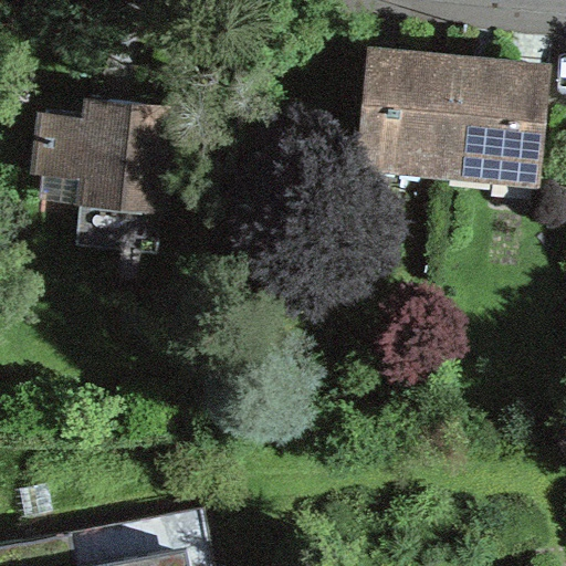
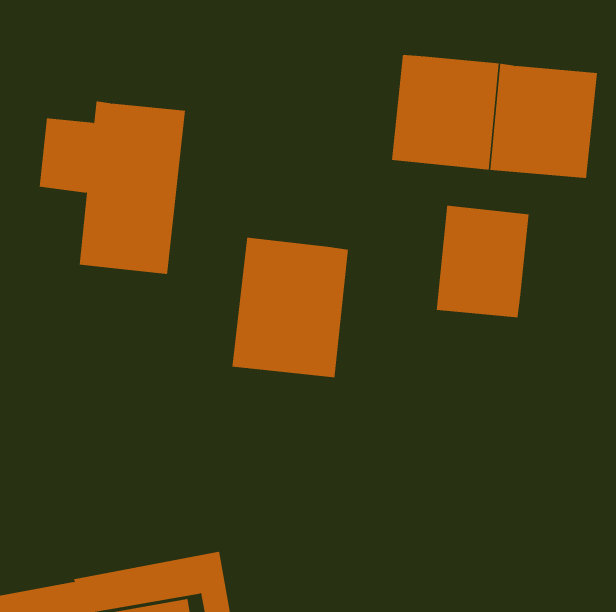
building: none -> [436,205,529,318]
building: none -> [232,237,348,378]

